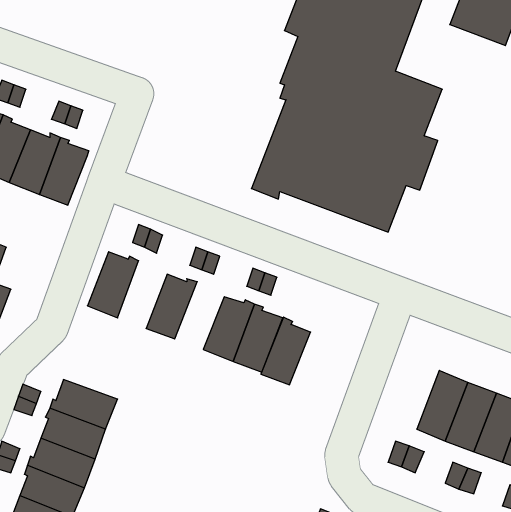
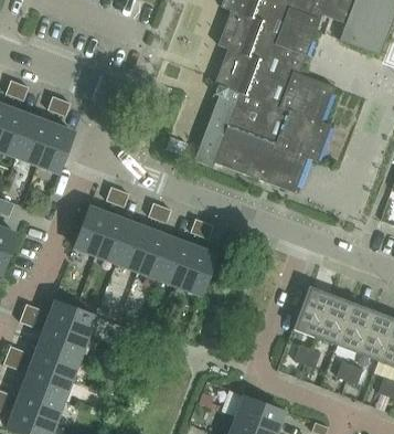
building: none -> [95,213,131,263]
building: [261,317,311,385] -> [137,229,173,278]
building: none -> [292,286,331,337]

